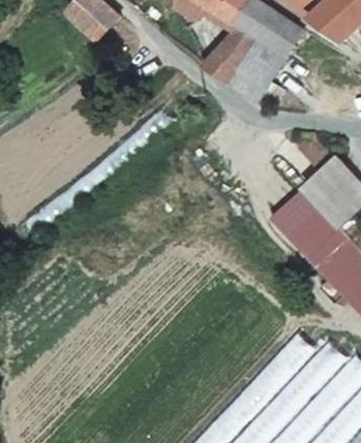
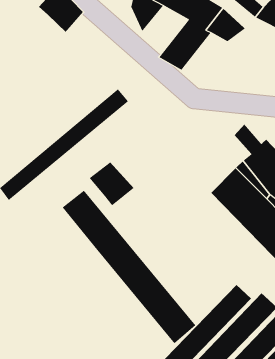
building: none -> [89,162,134,206]
building: none -> [62,190,196,344]

